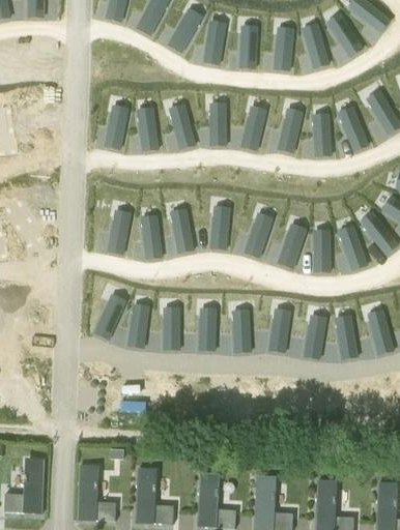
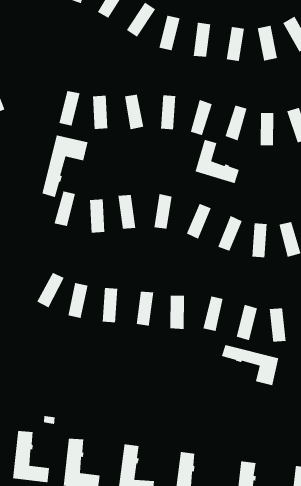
building: none -> [195,139,240,184]
building: none -> [42,135,88,198]
building: none -> [221,344,279,386]

